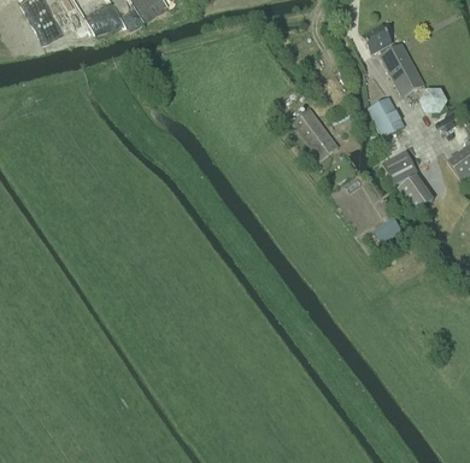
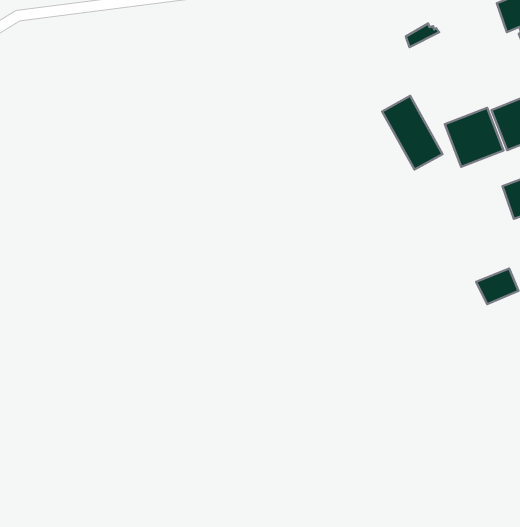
building: none -> [445,108,503,167]

